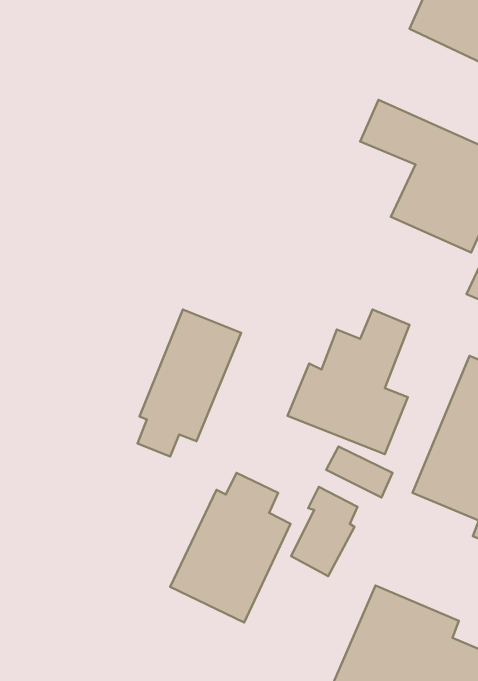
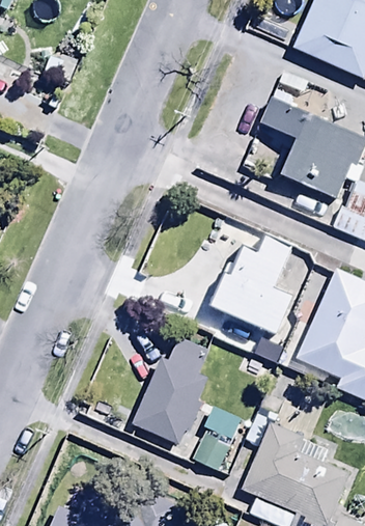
building: [138,310,241,457] -> none
building: [291,487,357,576] -> [192,411,236,471]

